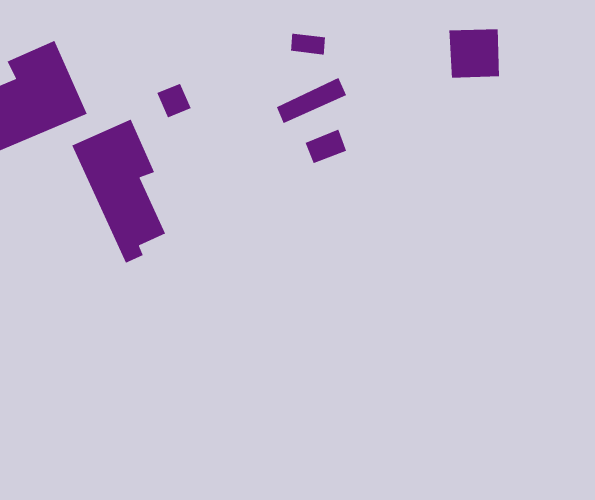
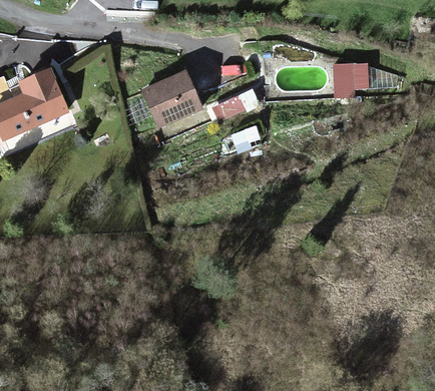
building: none -> [139,68,200,123]
building: [71,119,166,264] -> none

